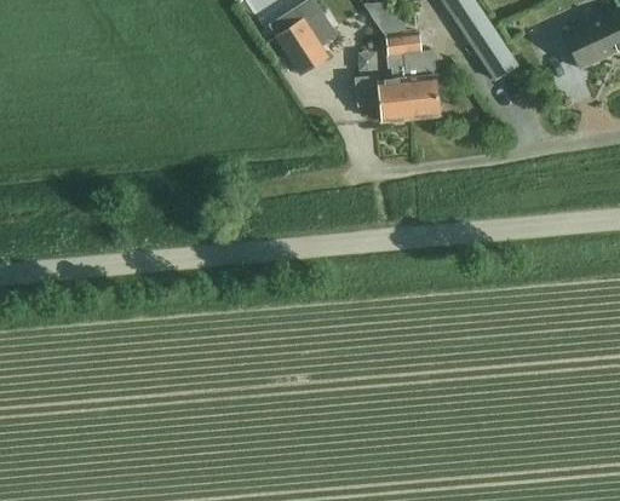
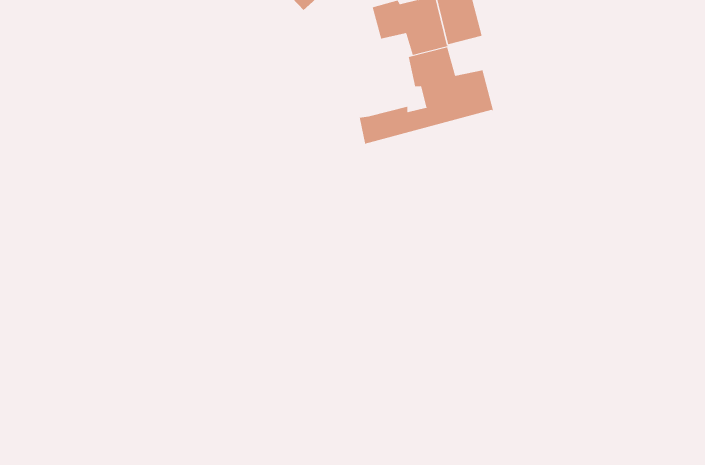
building: none -> [359,47,494,144]

